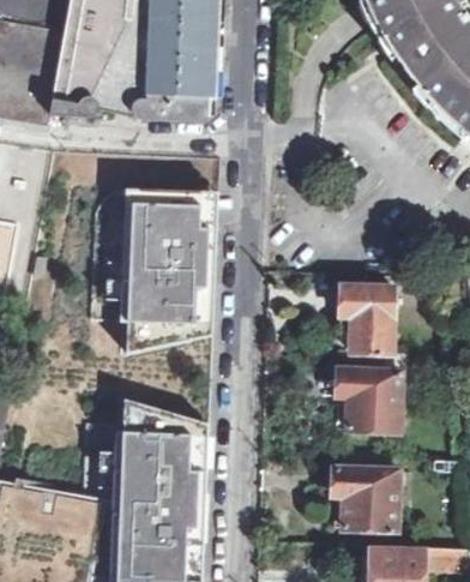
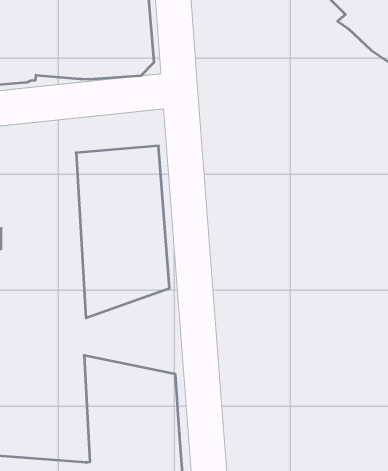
building: [339,284,402,358] -> none
building: [336,365,406,438] -> none
building: [329,464,394,526] -> none

